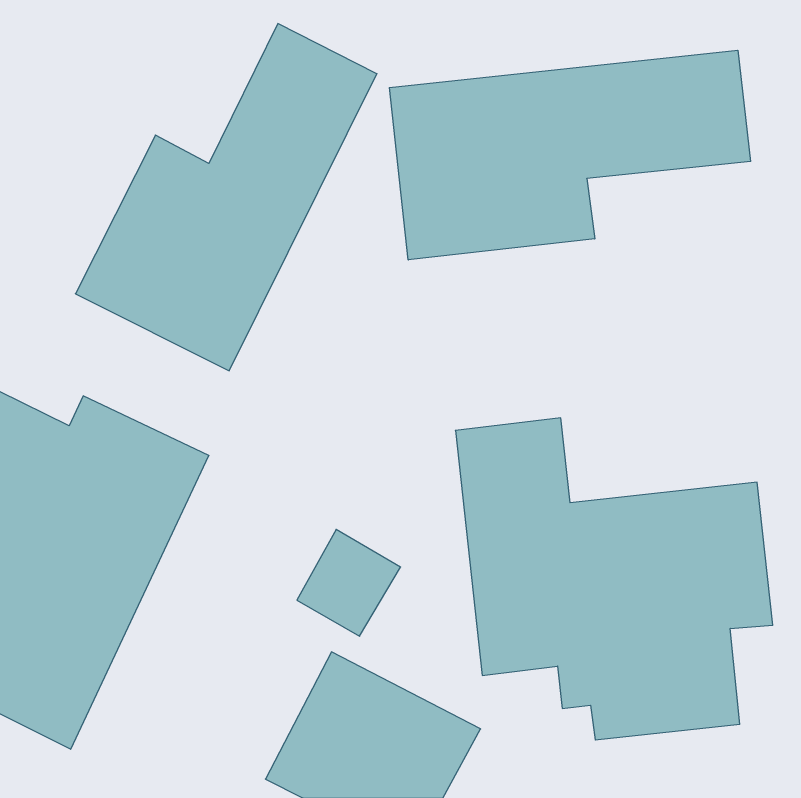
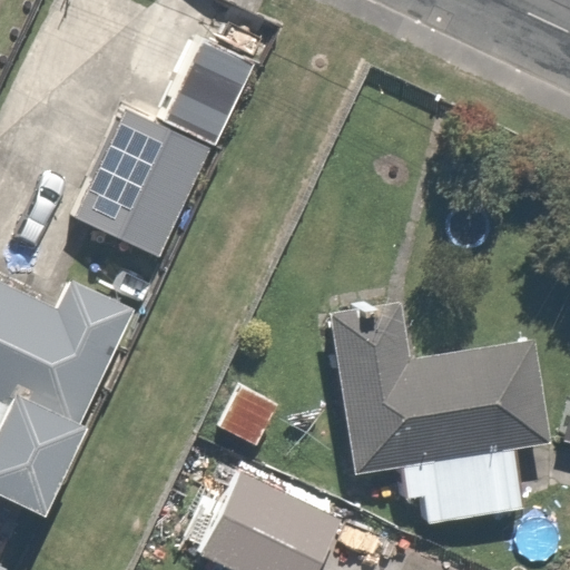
building: [389,50,751,260] -> none

